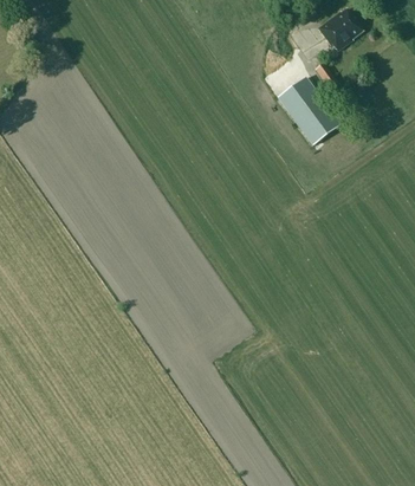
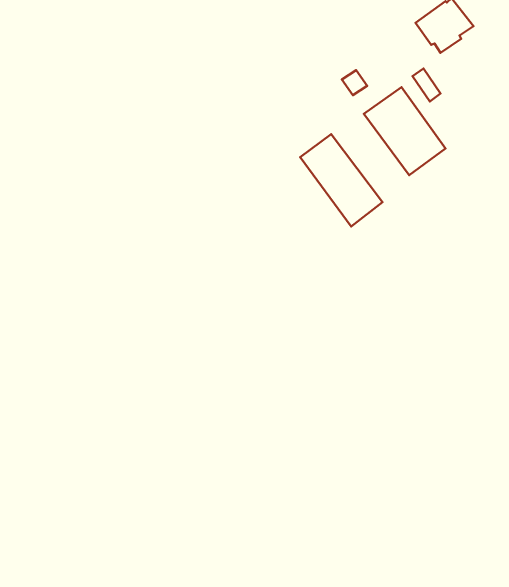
building: none -> [300,134,383,227]

